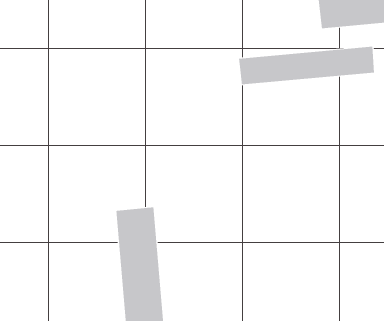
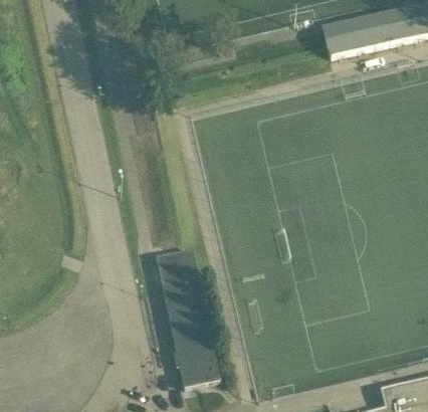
building: [239,46,375,85] -> none

